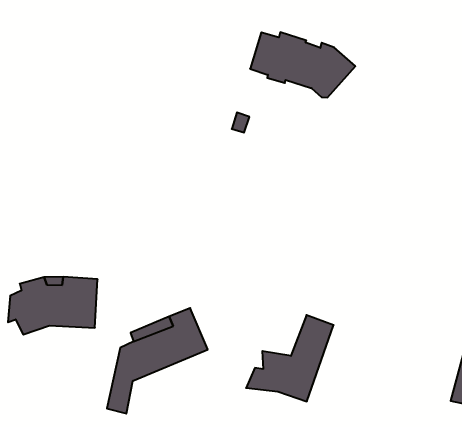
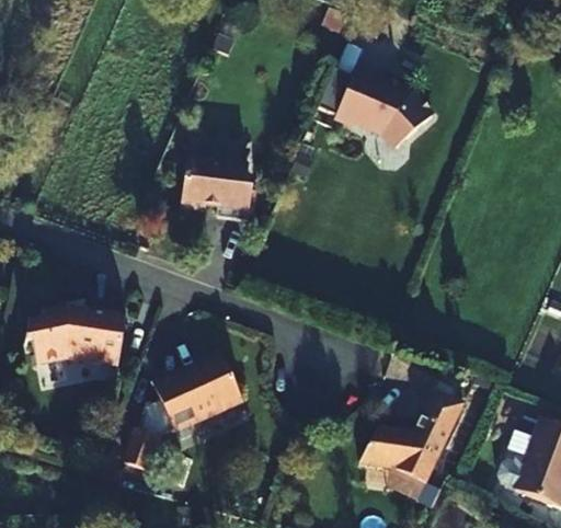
building: none -> [182,165,249,228]
building: [246,315,334,401] -> [359,400,462,494]

